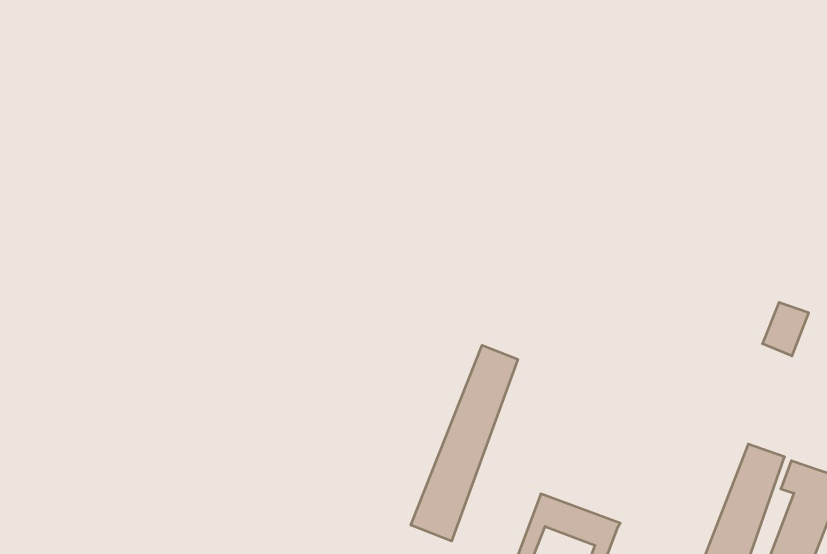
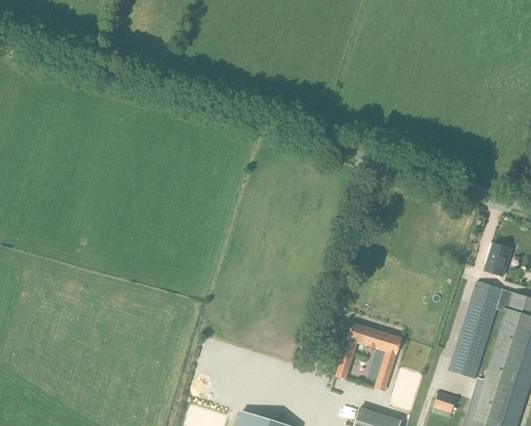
building: [762,302,809,356] -> [485,244,512,276]
building: [411,345,518,541] -> none

